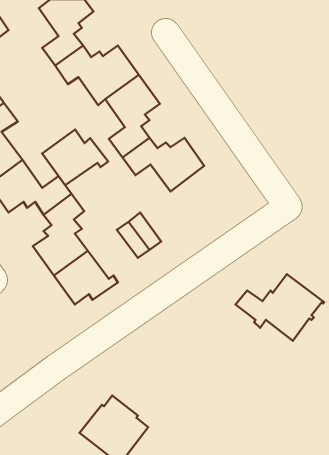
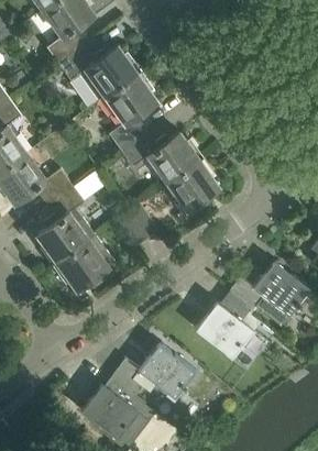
building: [42,130,108,185] -> none
building: none -> [166,160,219,219]
building: none -> [195,290,252,356]
building: none -> [111,344,196,395]

